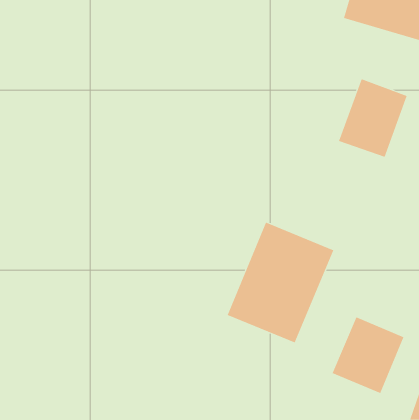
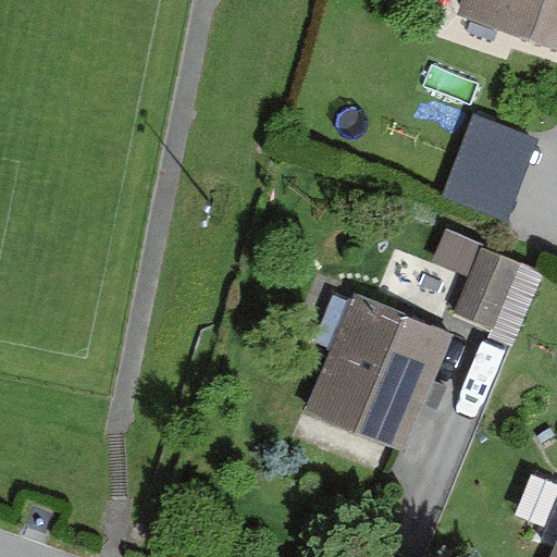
building: none -> [456,251,535,332]
building: [332,316,404,394] -> none

